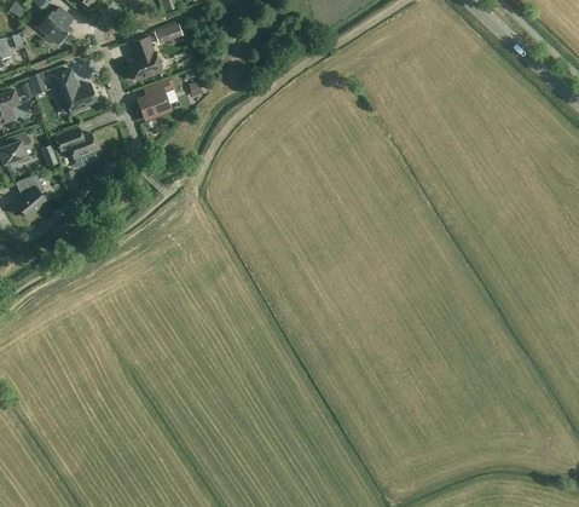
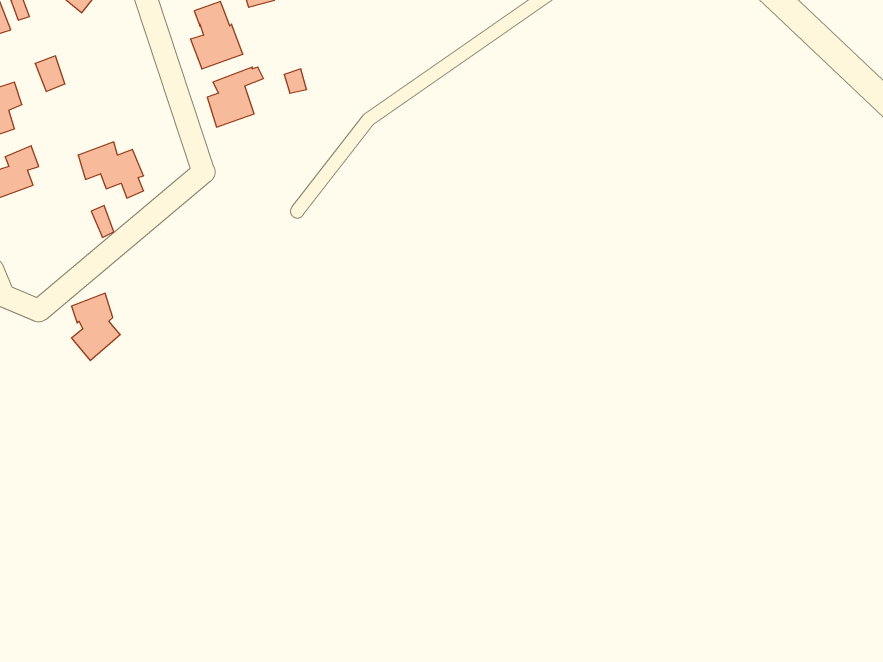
building: [50,69,95,114] -> none
building: [15,174,46,218] -> [71,293,120,361]

